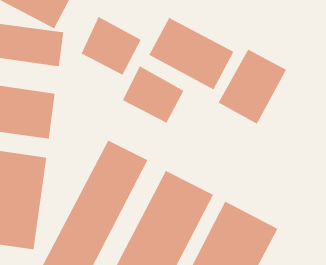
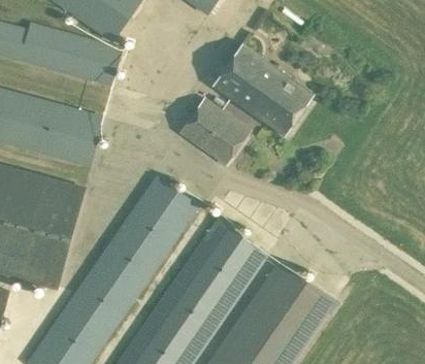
building: [81,16,142,76] -> none
building: [217,48,287,125] -> none

